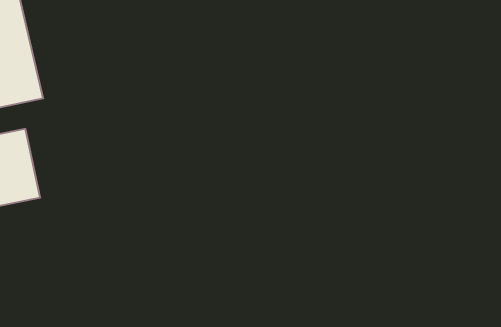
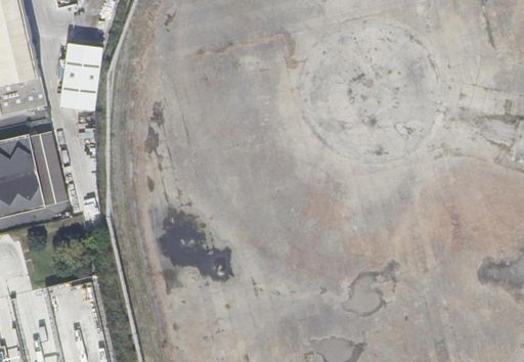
building: none -> [59,44,98,111]
building: none -> [27,133,66,209]

